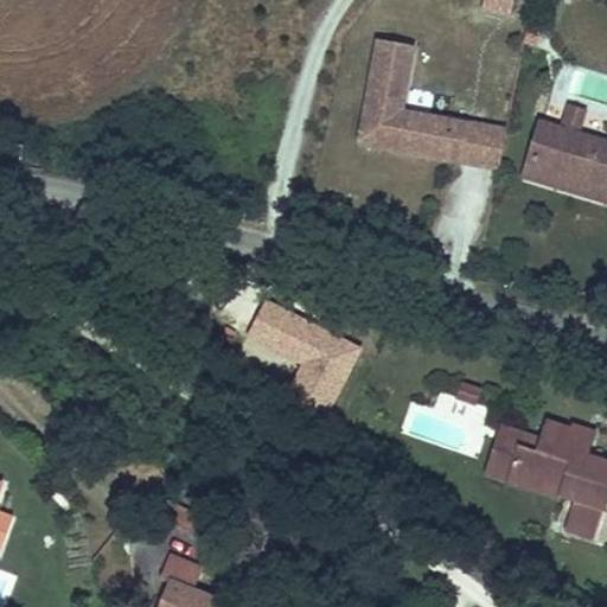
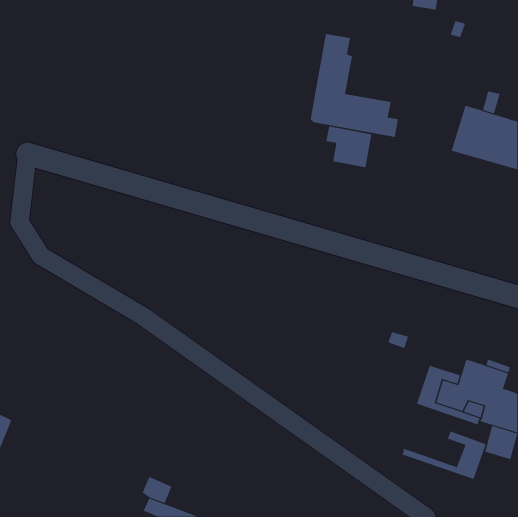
building: [452,119,506,167] -> [325,126,372,168]
building: [247,300,360,420] -> none
building: none -> [401,431,487,480]

